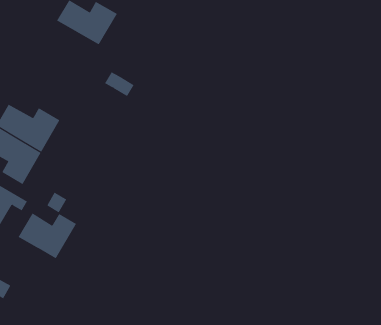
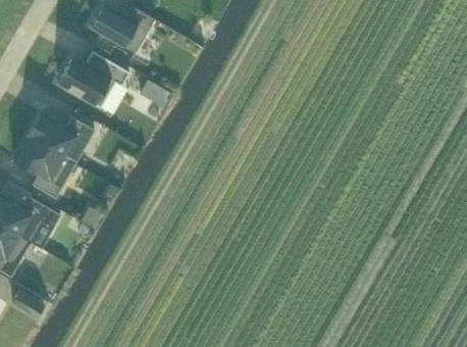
building: none -> [58,51,129,107]
building: [18,213,77,259] -> none

